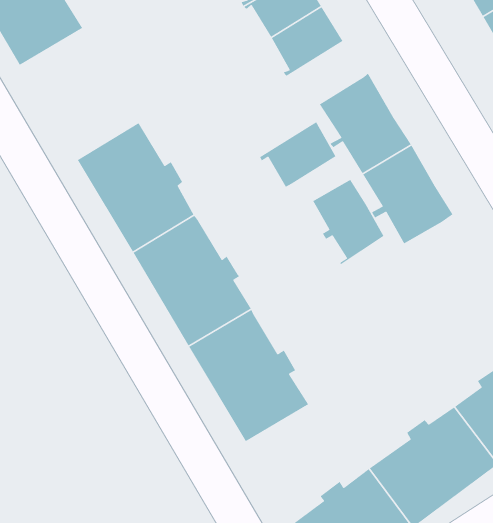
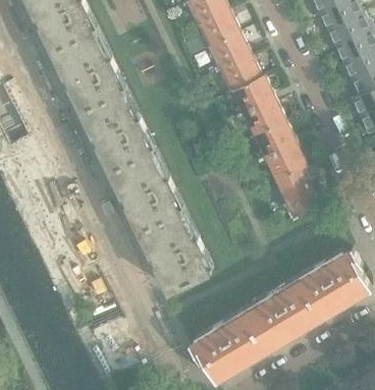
building: none -> [53,33,122,112]
building: [259,121,337,188] -> [214,55,261,94]
building: [312,179,384,266] -> [276,170,318,222]

